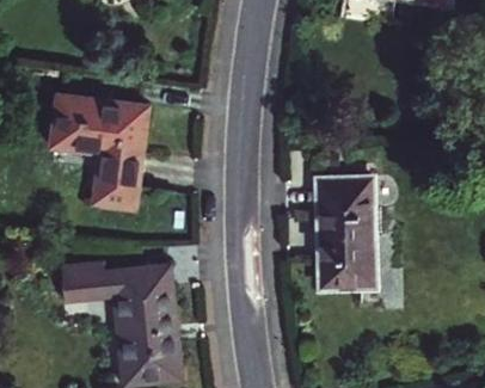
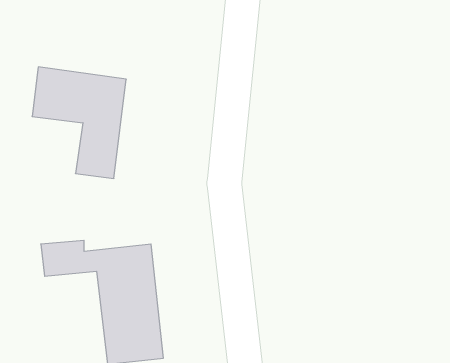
building: [318,179,374,287] -> none

